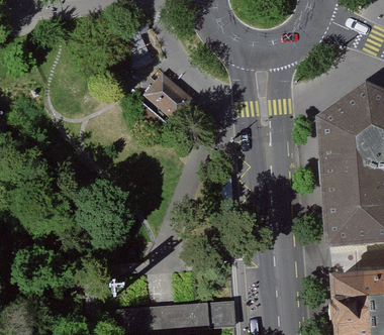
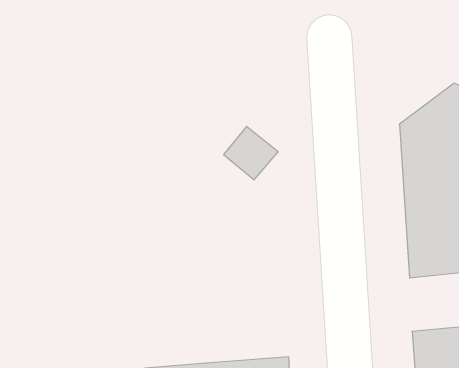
building: [148,71,191,113] -> [224,126,278,180]

